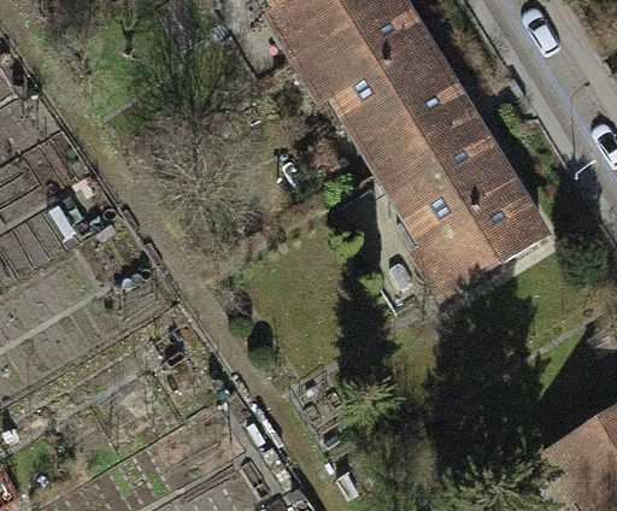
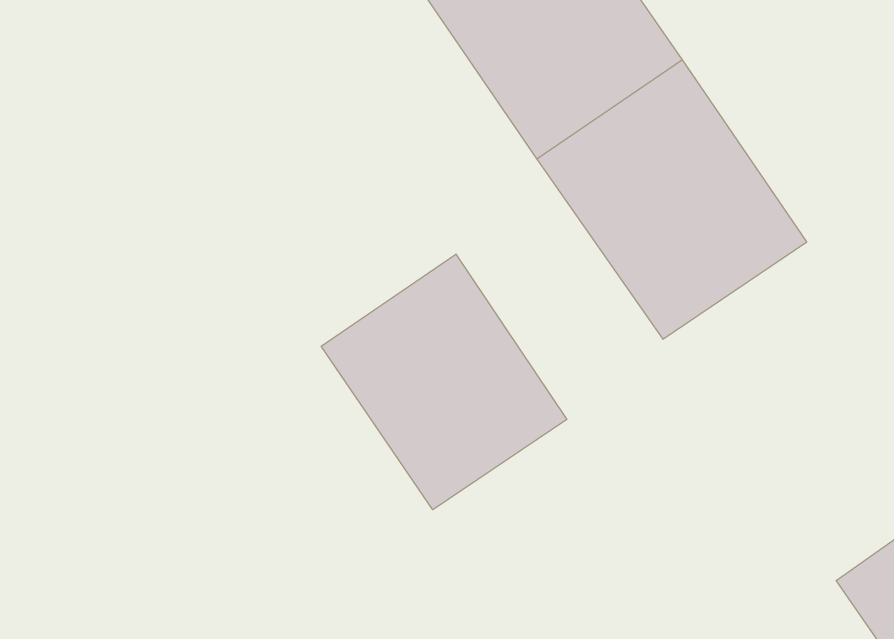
building: none -> [321,254,567,510]

